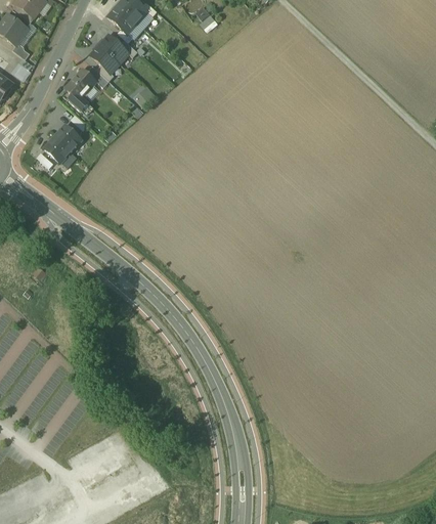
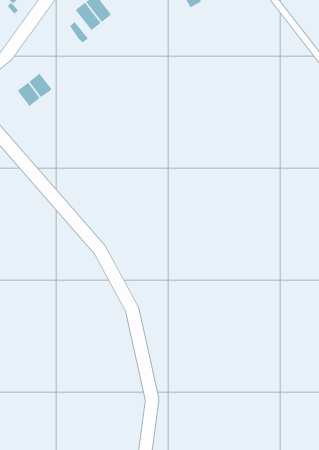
building: [64,69,95,100] -> none

